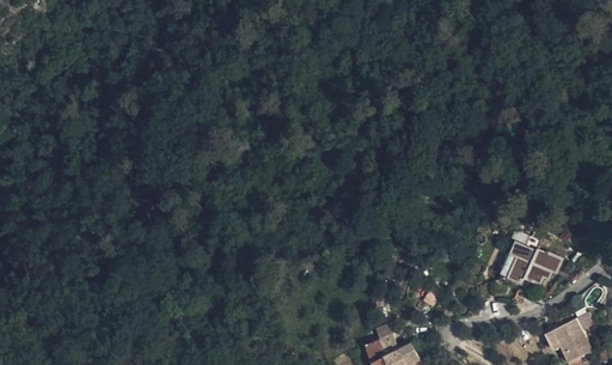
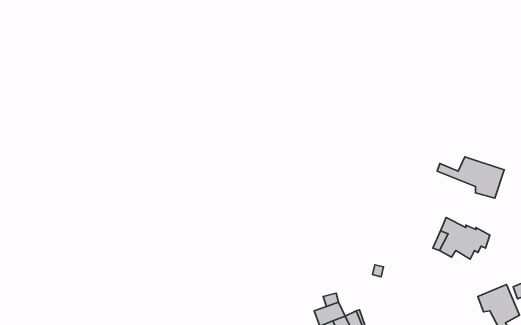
building: none -> [437,157,504,198]

